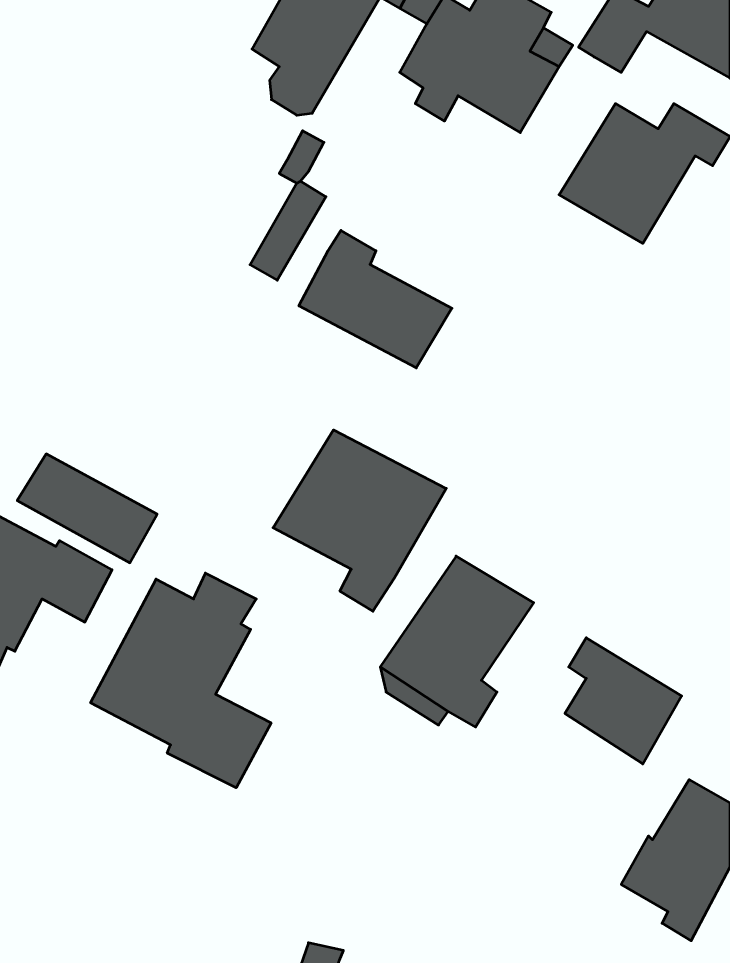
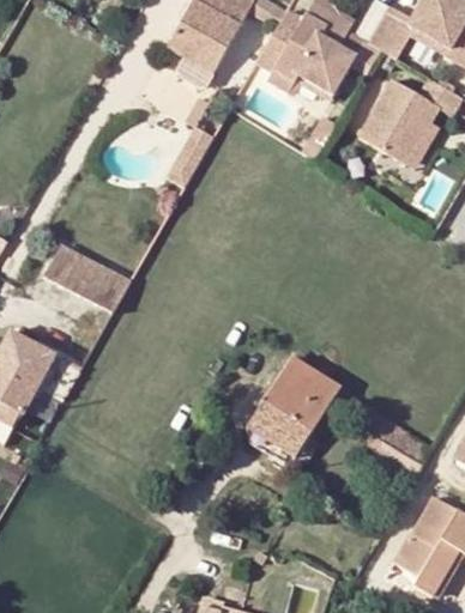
building: [299,230,452,368] -> none
building: [273,430,446,611] -> none
building: [17,454,157,563] -> [44,244,131,311]
building: [91,573,271,788] -> none

